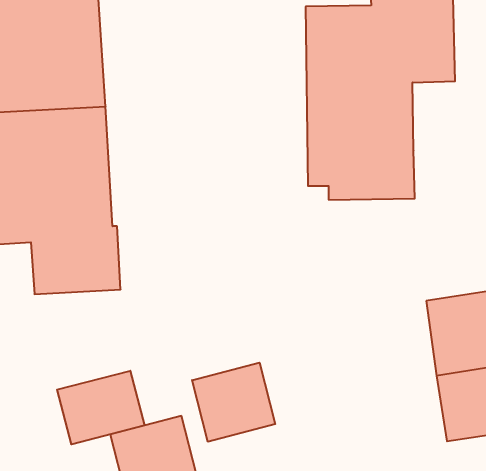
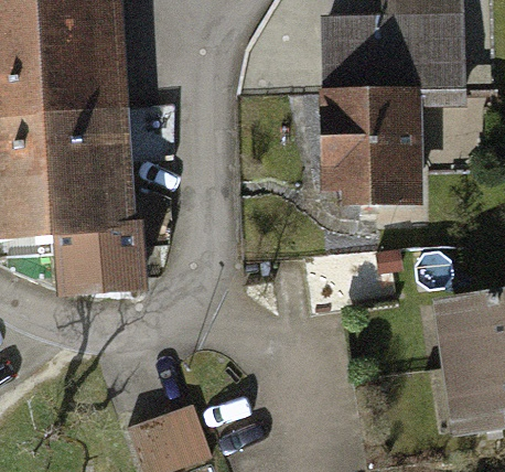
building: [192,363,275,442] -> none
building: [57,371,145,444] -> none

